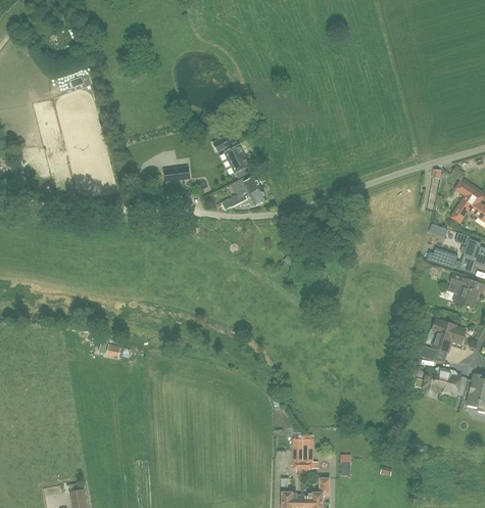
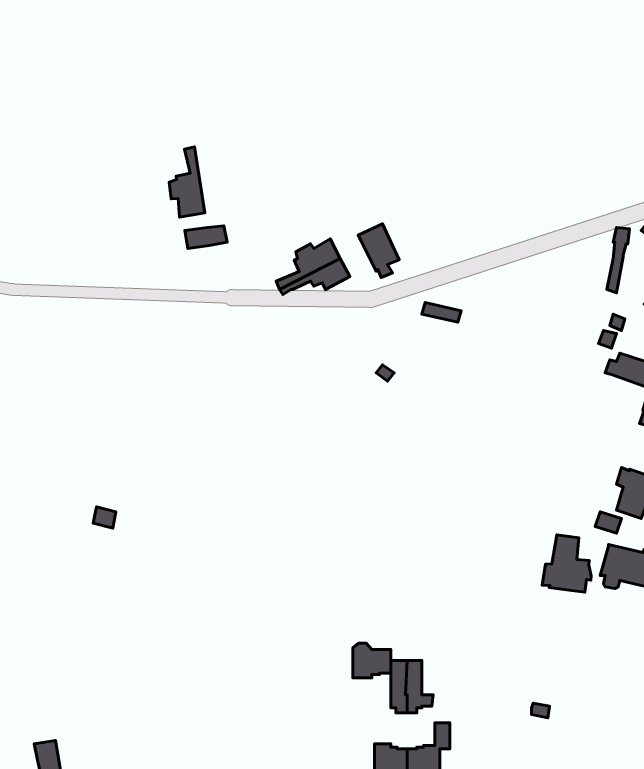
building: none -> [169,147,205,217]
building: [224,143,249,177] -> [358,224,399,278]
building: none -> [542,535,591,592]
building: none -> [353,643,391,678]

